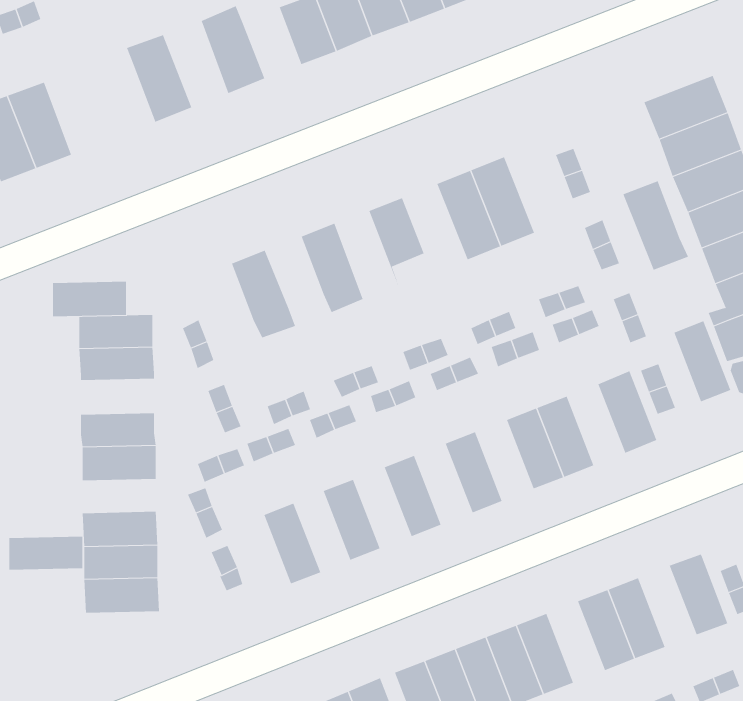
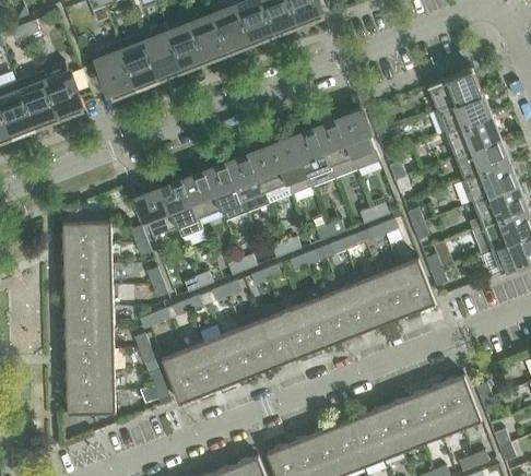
building: none -> [169,24,206,70]
building: none -> [118,33,160,88]
building: none -> [42,62,83,119]
building: [623,180,689,270] -> [338,111,380,169]
building: none -> [272,138,314,194]
building: none -> [228,155,269,212]
building: none -> [184,171,221,217]
building: none -> [139,189,176,235]
building: [52,281,127,317] -> [64,263,113,286]
building: [673,321,731,402] -> [378,266,415,319]
building: none -> [319,289,356,342]
building: none -> [280,305,317,357]
building: none -> [240,320,278,372]
building: none -> [202,335,238,388]
building: none -> [162,350,200,403]
building: [8,536,83,570] -> [66,328,114,349]
building: none -> [424,383,461,436]
building: none -> [365,406,402,459]

